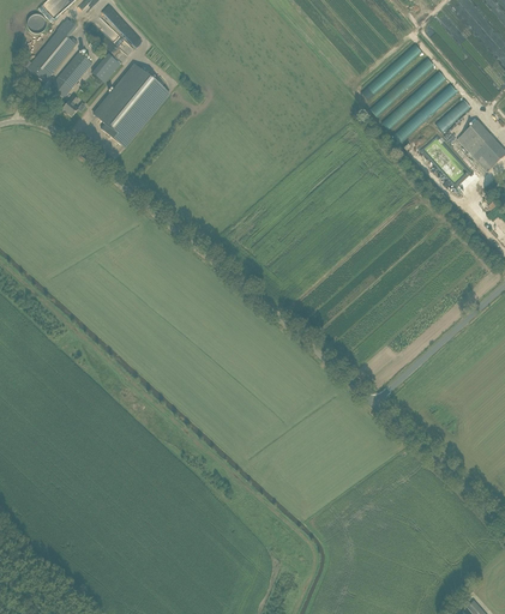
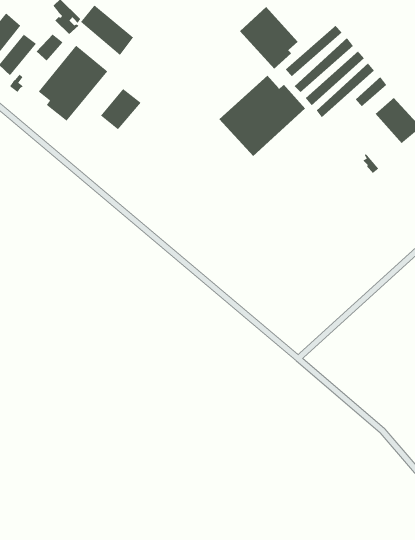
building: none -> [80,5,134,56]
building: none -> [239,6,298,69]
building: none -> [218,75,306,157]
building: none -> [100,88,142,130]

